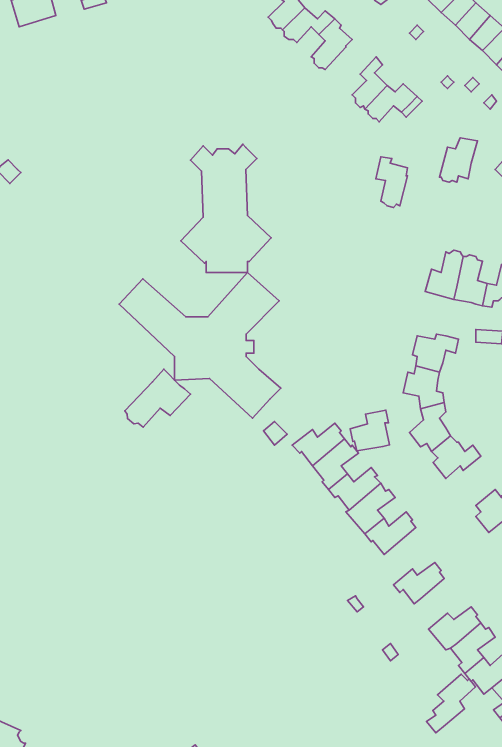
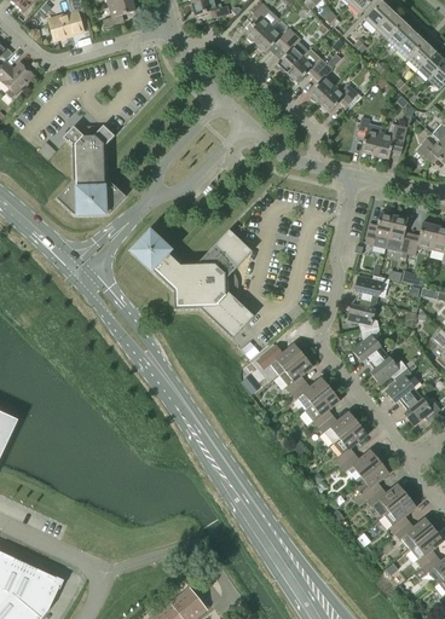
building: none -> [288,53,326,82]
building: [181,144,271,273] -> [56,125,125,222]
building: [376,157,408,207] -> [357,117,381,156]
building: [125,369,190,427] -> none
building: [350,410,389,451] -> none
building: none -> [385,368,417,405]
building: none -> [333,422,368,465]
building: [426,674,476,733] -> [352,461,389,505]

